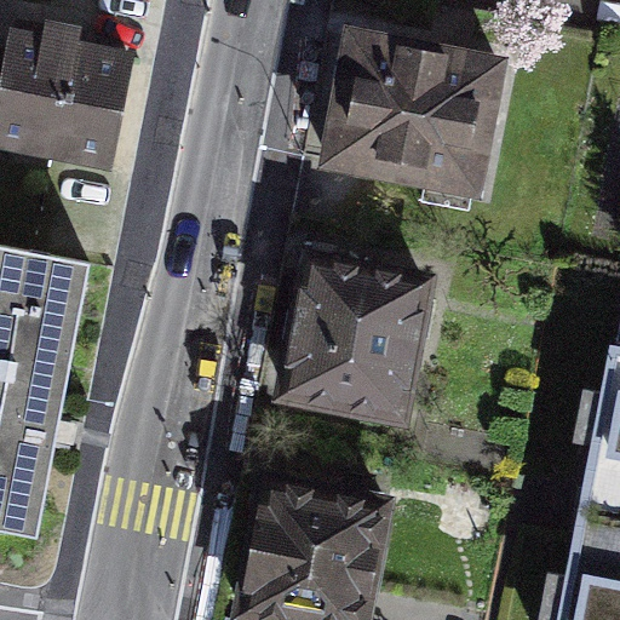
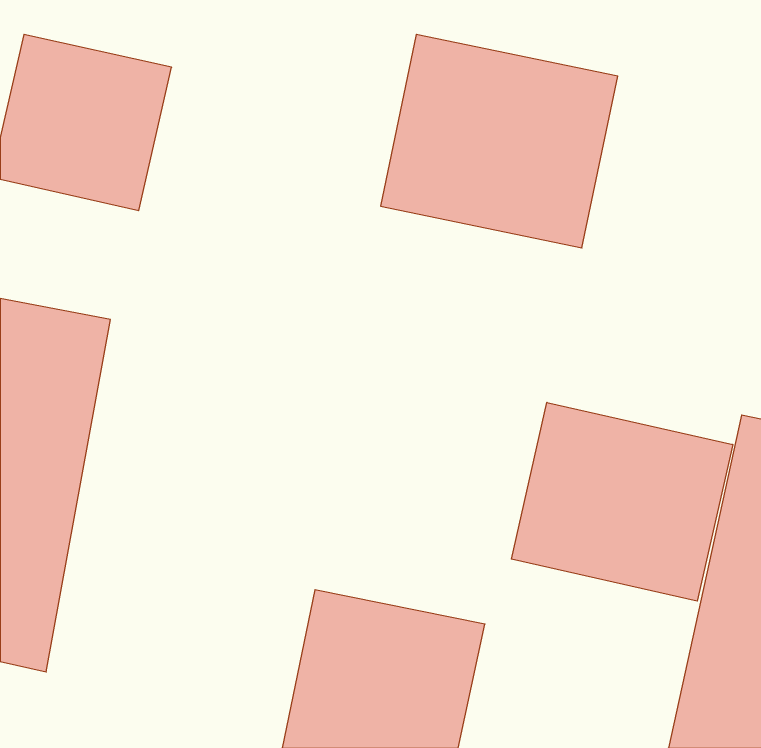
building: [263,253,436,429] -> none
building: none -> [511,402,733,601]

